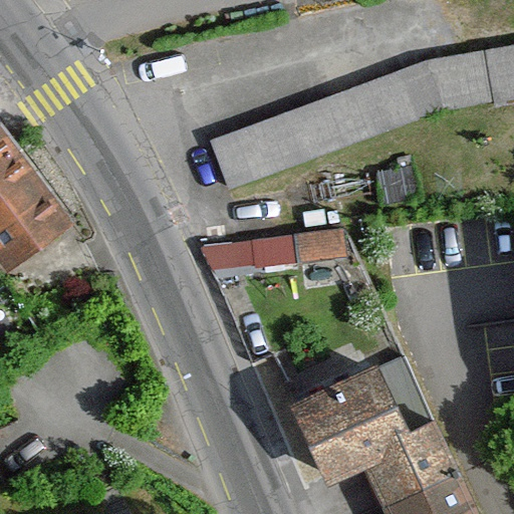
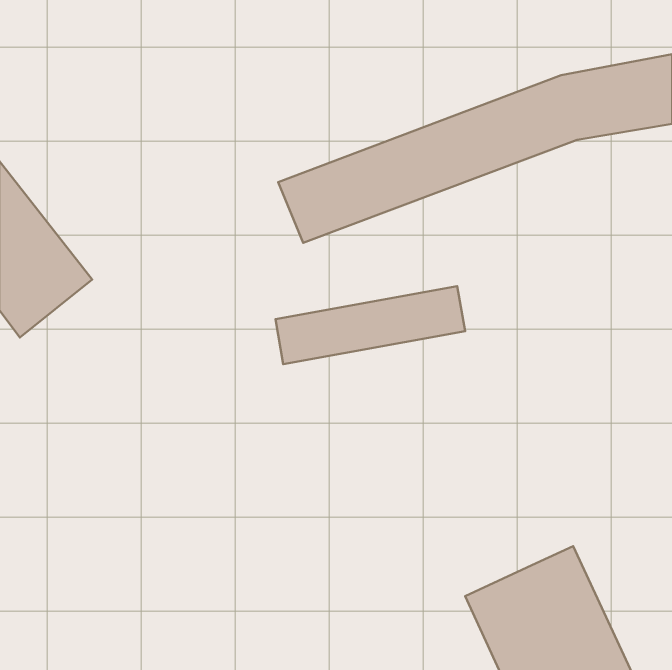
building: [281,358,409,475] -> none

